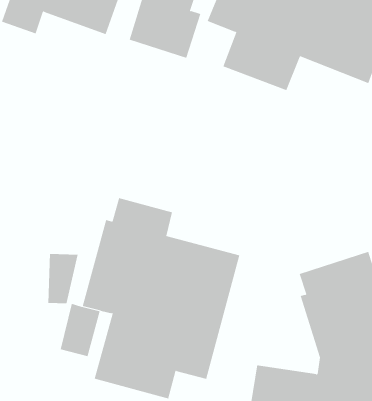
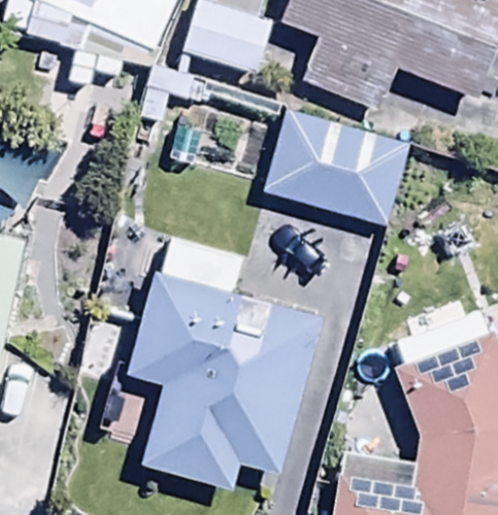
building: none -> [261,105,410,230]

